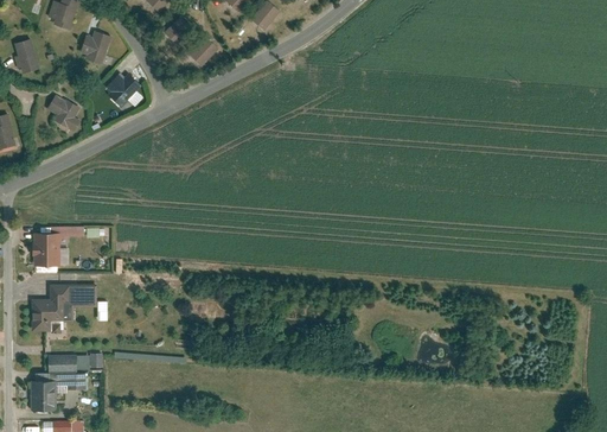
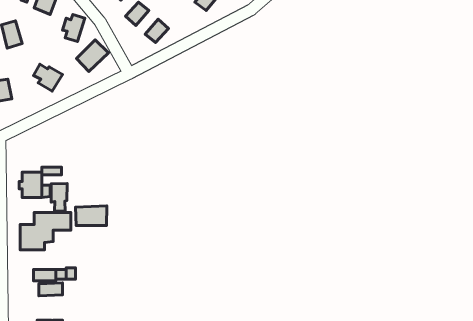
building: none -> [51,184,67,211]
building: none -> [76,206,107,226]
building: [30,379,55,408] -> none

